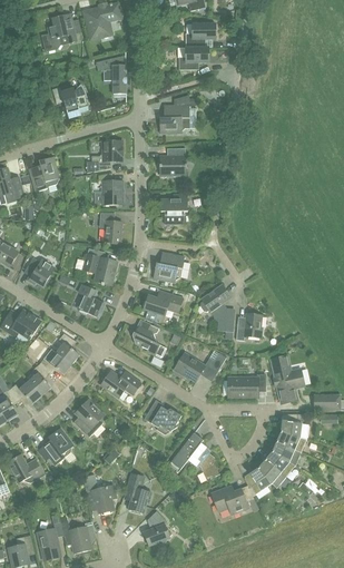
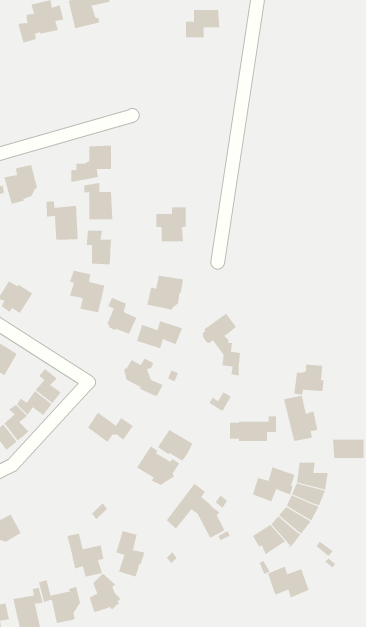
building: [176,46,208,69] -> none
building: [95,57,125,92] -> none
building: [51,84,87,115] -> none
building: [158,105,195,133] -> none
building: [159,147,185,175] -> none
building: none -> [46,200,78,241]
building: [77,284,104,316] -> [106,297,137,335]
building: [235,313,262,340] -> [294,364,325,395]
building: [173,352,204,380] -> [157,429,193,462]
building: [72,399,104,437] -> none
building: none -> [252,467,295,502]
building: [40,427,72,464] -> none
building: [210,486,247,513] -> [267,566,310,598]
building: [142,510,170,545] -> [89,573,121,613]

